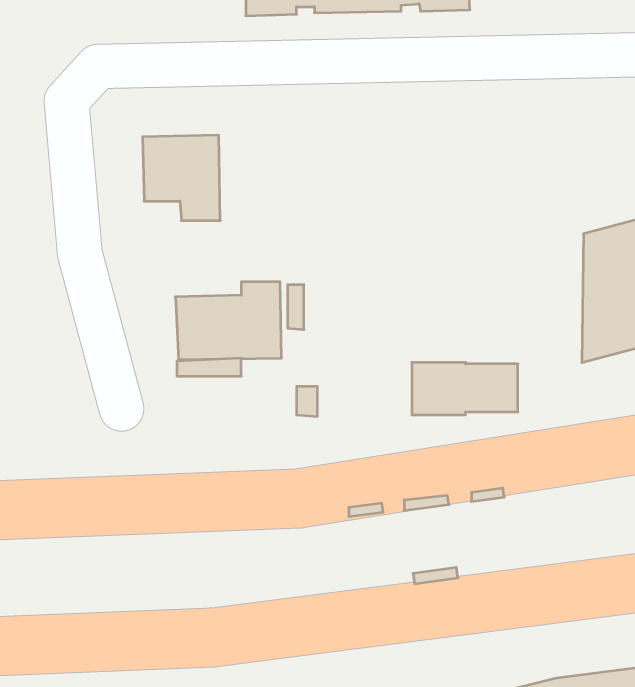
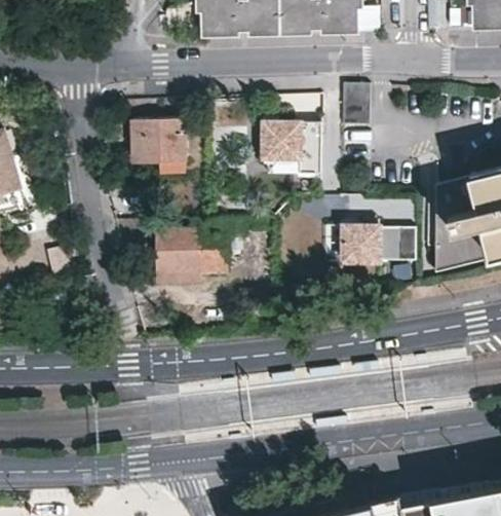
building: none -> [342,85,370,126]
building: none -> [262,122,320,175]
building: [412,362,518,415] -> [343,226,416,262]

